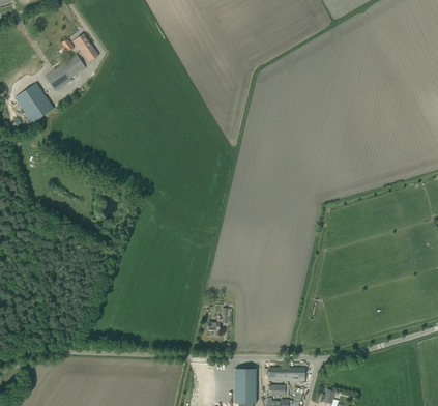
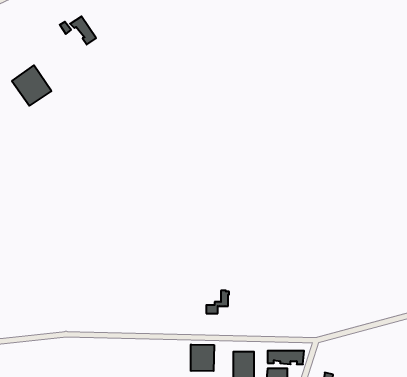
building: [46,54,86,88] -> none
building: none -> [191,344,214,371]

